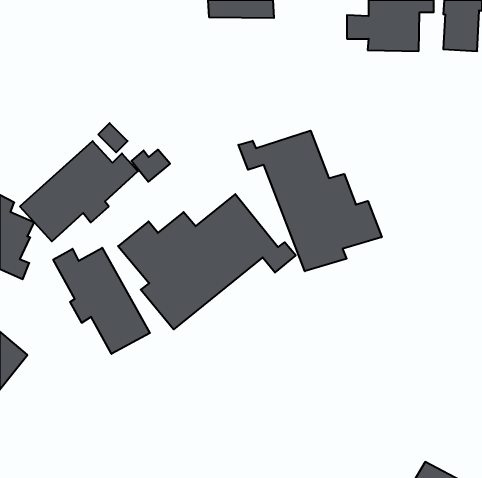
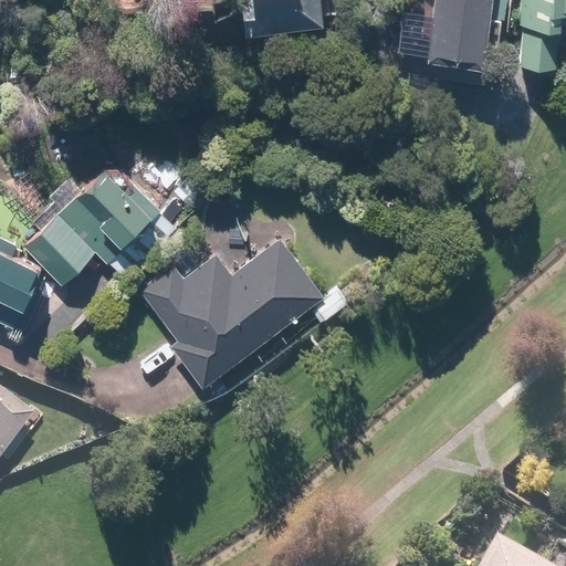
building: [238,131,382,271] -> none
building: [53,248,150,354] -> none

